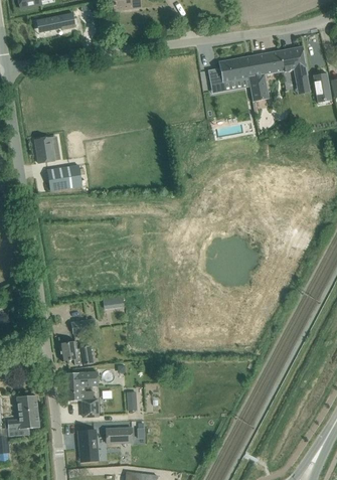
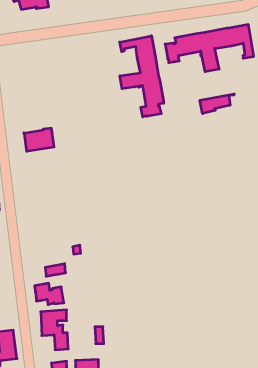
building: none -> [120,36,164,117]
building: none -> [200,94,234,114]
building: [34,136,55,162] -> none

